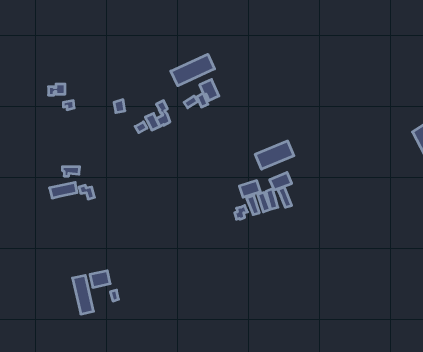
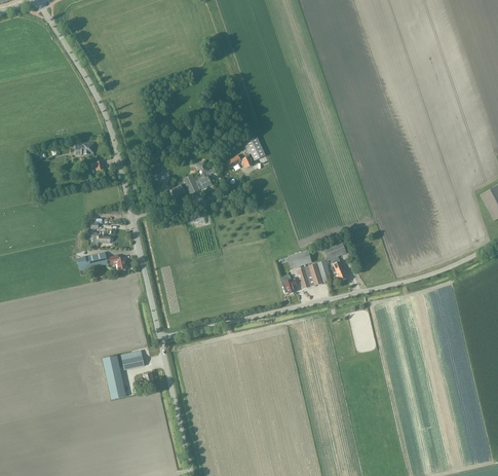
building: [171,54,215,86] -> none
building: [255,141,294,169] -> none

